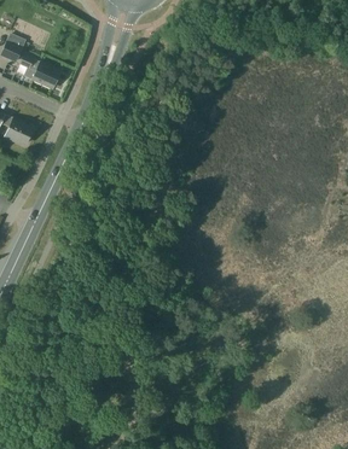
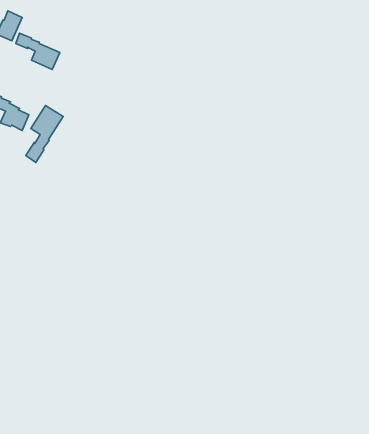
building: none -> [26,106,63,163]

